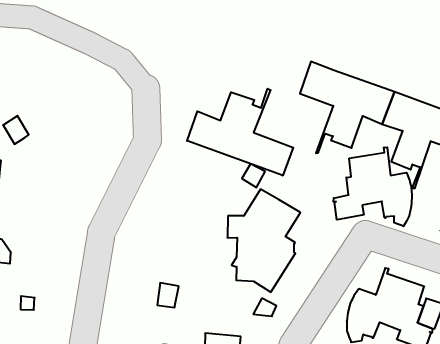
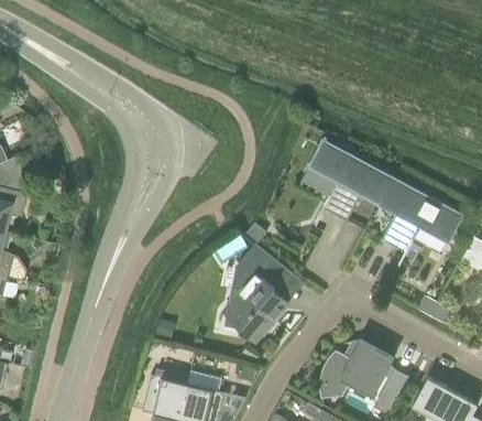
building: [187,89,293,176] -> none
building: [334,147,412,226] -> none

